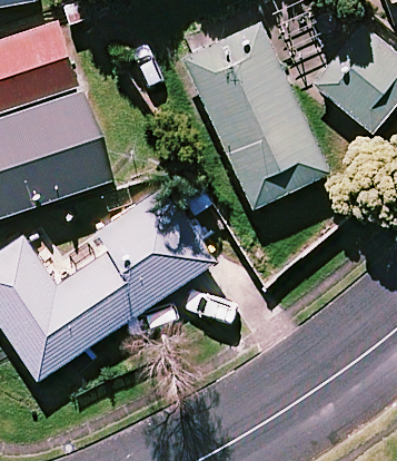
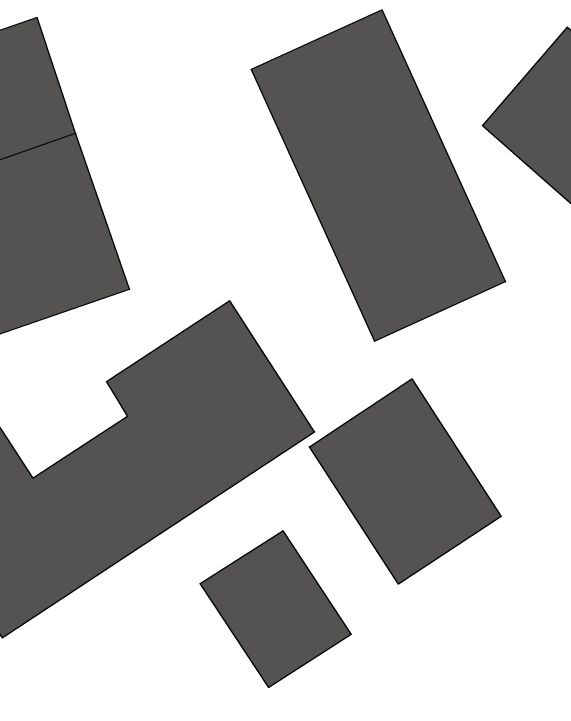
building: none -> [309,379,501,584]
building: none -> [200,531,351,687]

